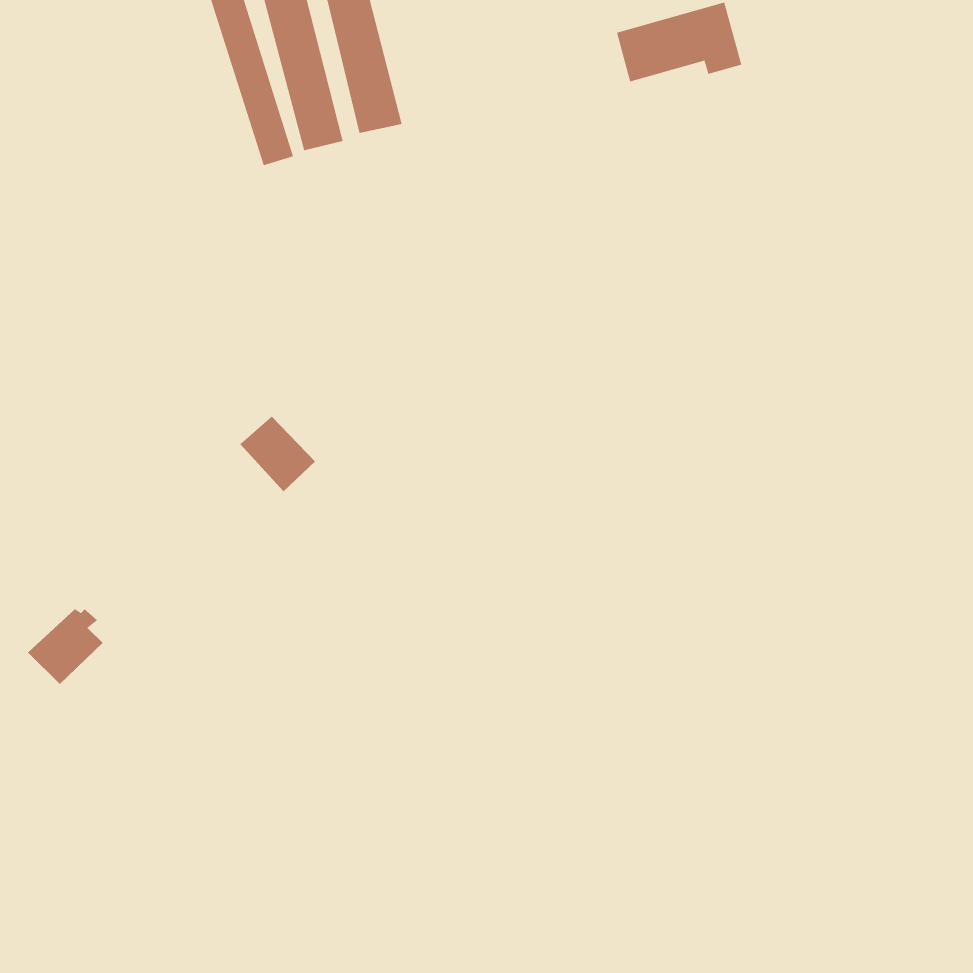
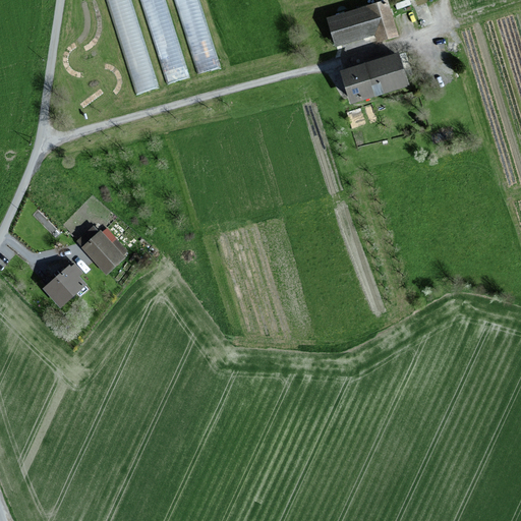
building: none -> [342,54,406,101]
building: [240,416,316,492] -> [82,231,123,272]
building: [27,609,104,685] -> [43,265,83,305]

